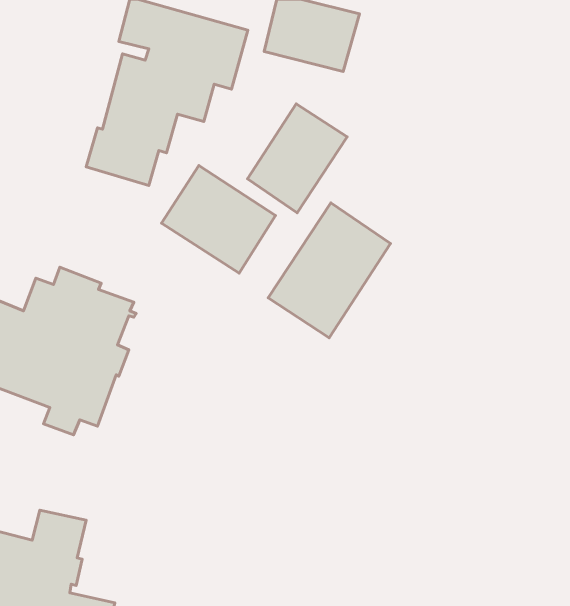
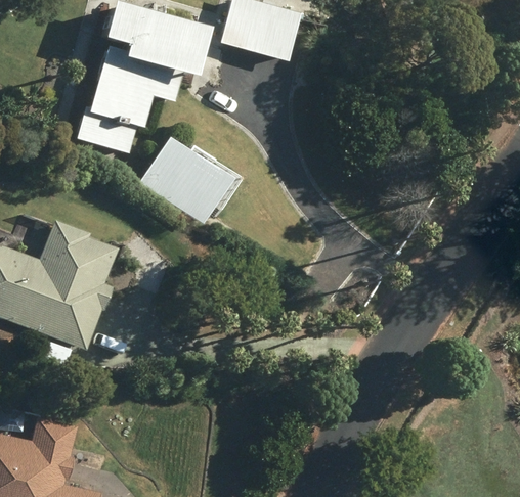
building: [247,104,347,213] -> none
building: [268,203,391,338] -> none

